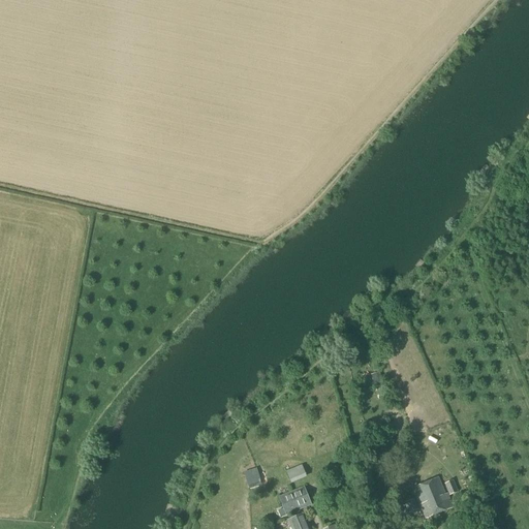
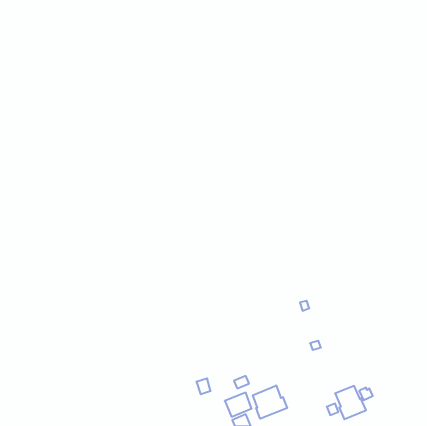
building: none -> [253,385,287,419]

